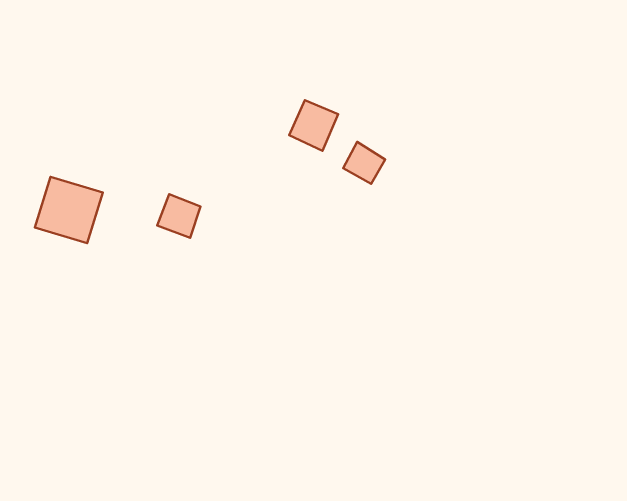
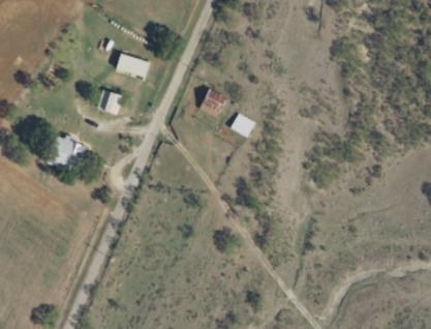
building: none -> [115,52,151,80]
building: [157,194,201,238] -> [96,88,122,114]

